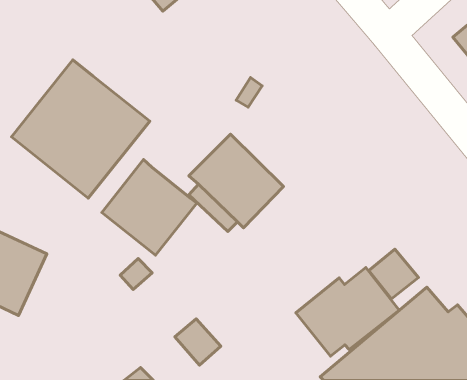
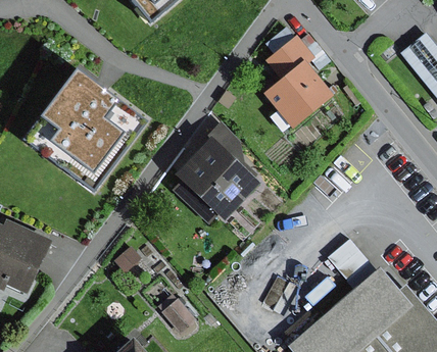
building: none -> [264,34,333,125]
building: [102,159,197,255] -> none
building: [296,268,399,356] -> none

